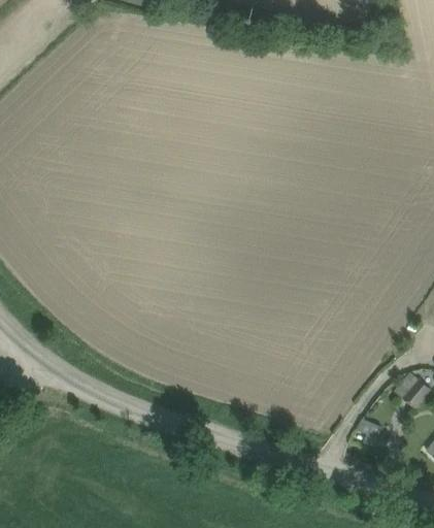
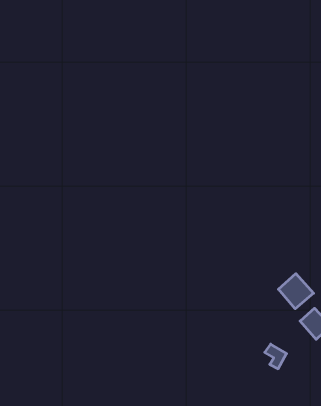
building: none -> [278,274,314,309]

